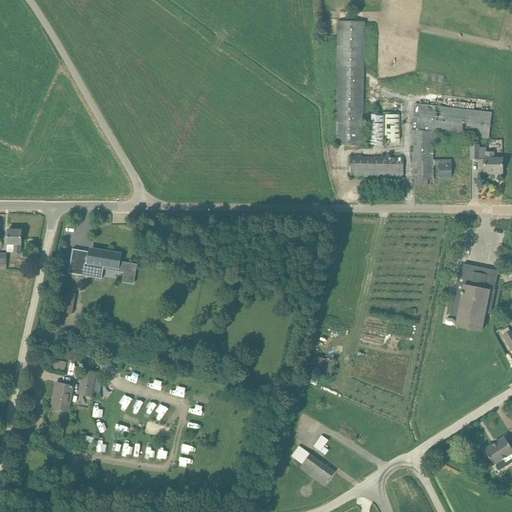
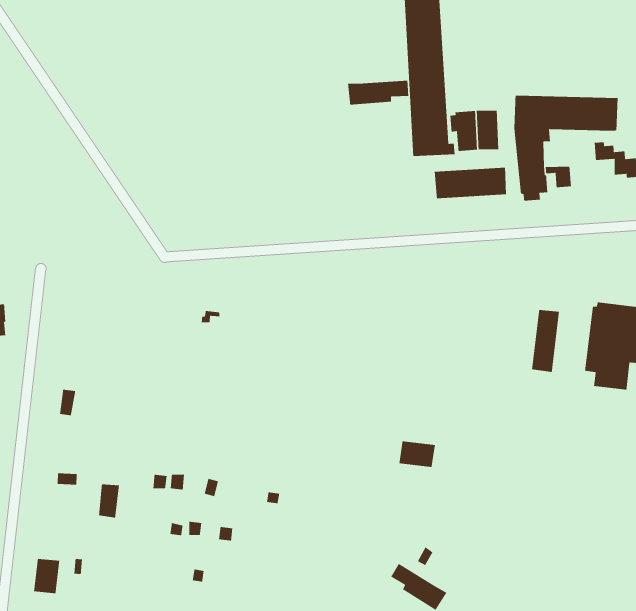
building: none -> [347,80,409,105]
building: [69,247,136,281] -> none
building: none -> [531,309,560,373]
building: [51,381,73,409] -> [33,558,60,594]

